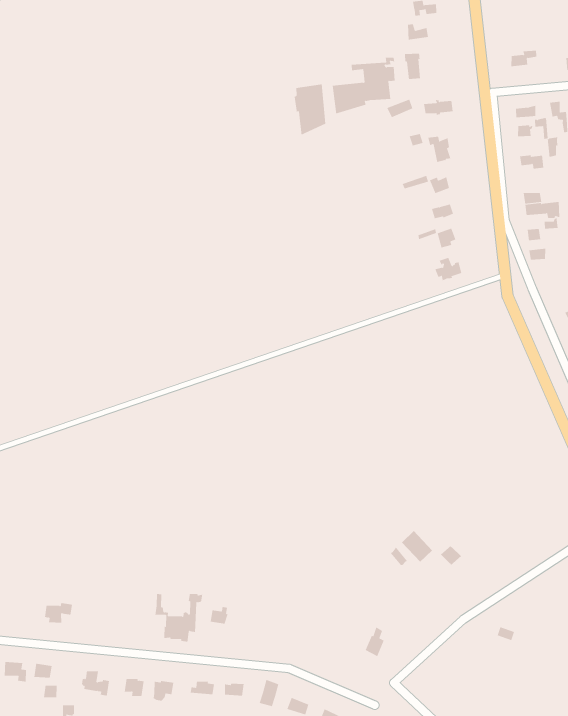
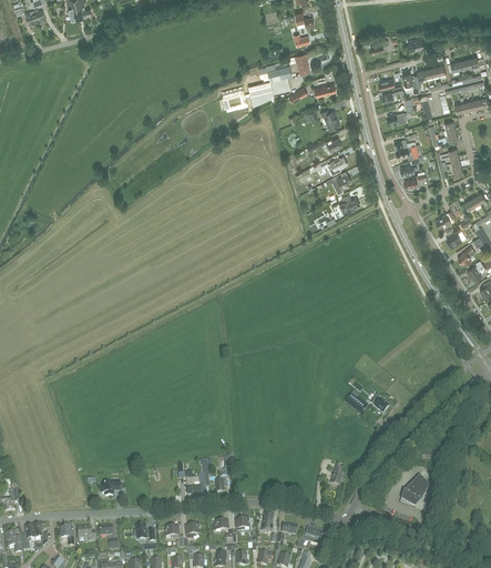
building: none -> [400,475,430,507]

